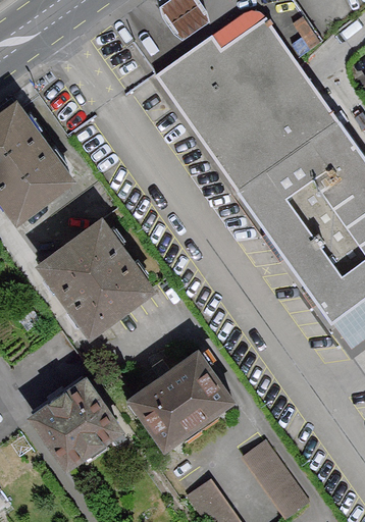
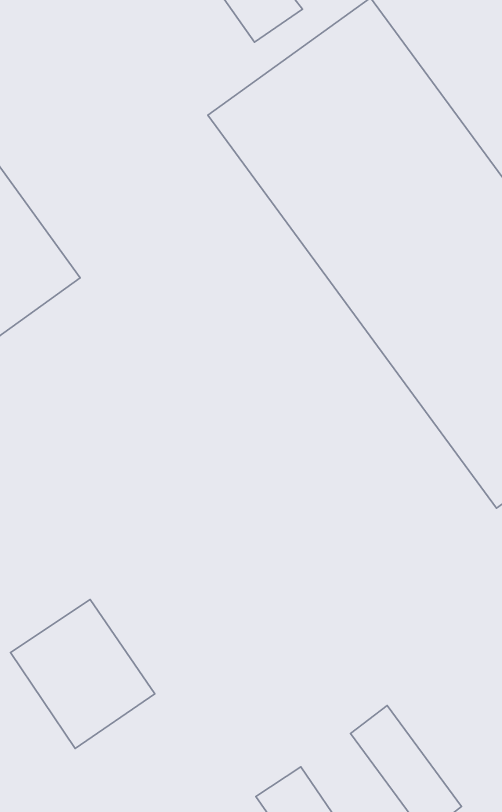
building: [34,218,153,340] -> none
building: [128,351,237,454] -> none

